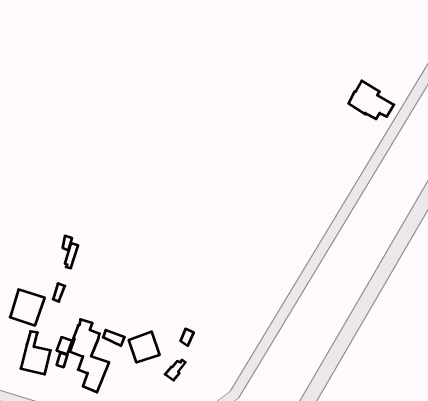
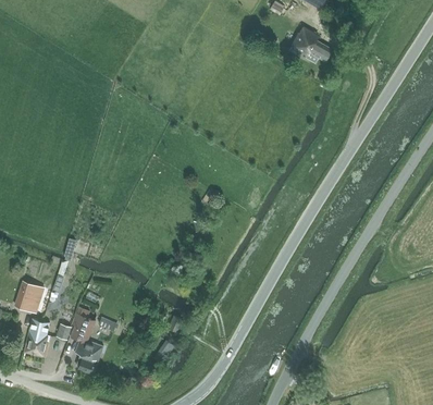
building: [349,81,394,119] -> [289,27,331,62]
building: [129,332,159,362] -> none

